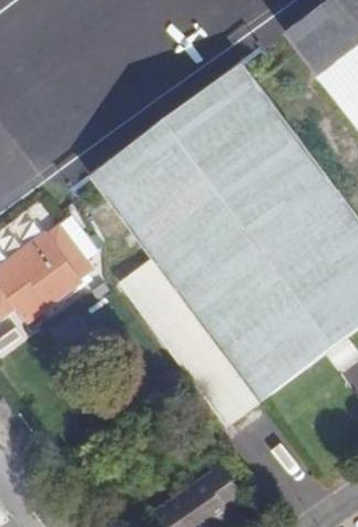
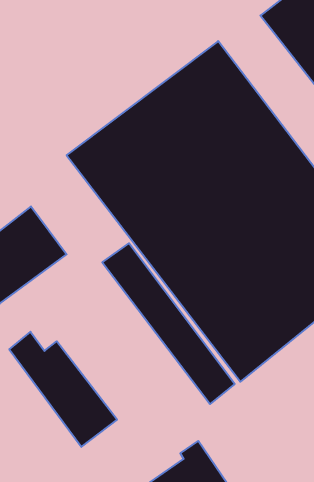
building: none -> [9,332,117,447]

